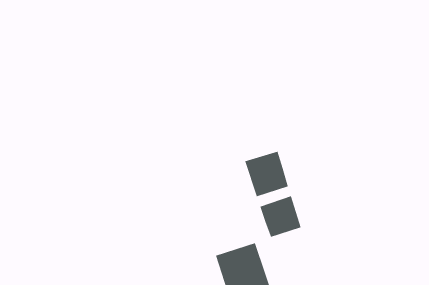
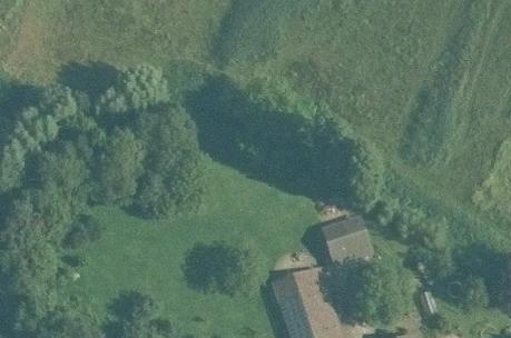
building: [245,151,289,197] -> none

